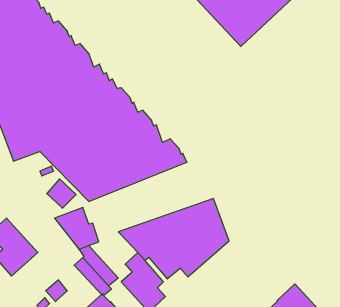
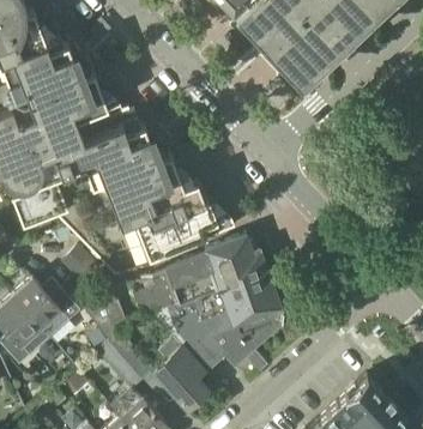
building: none -> [133,236,266,319]
building: none -> [13,279,80,338]

